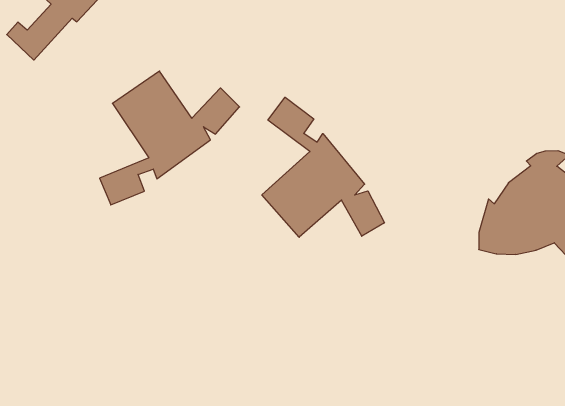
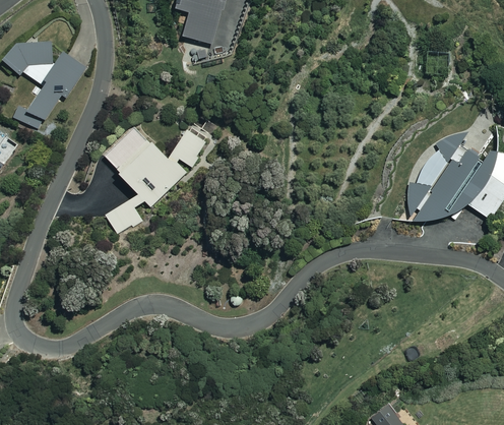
building: [262,97,384,237] -> none

